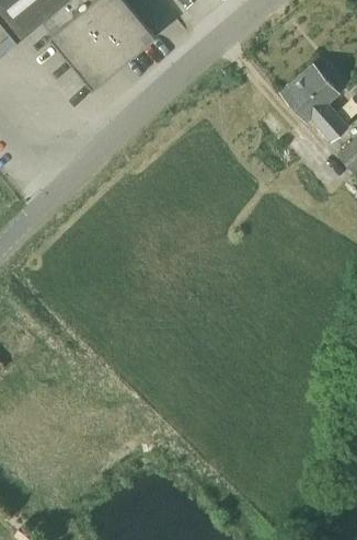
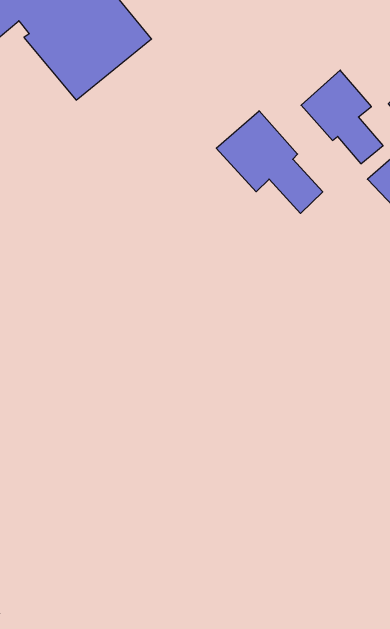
building: none -> [216,111,323,213]

